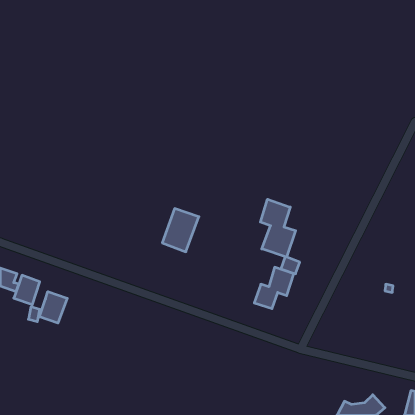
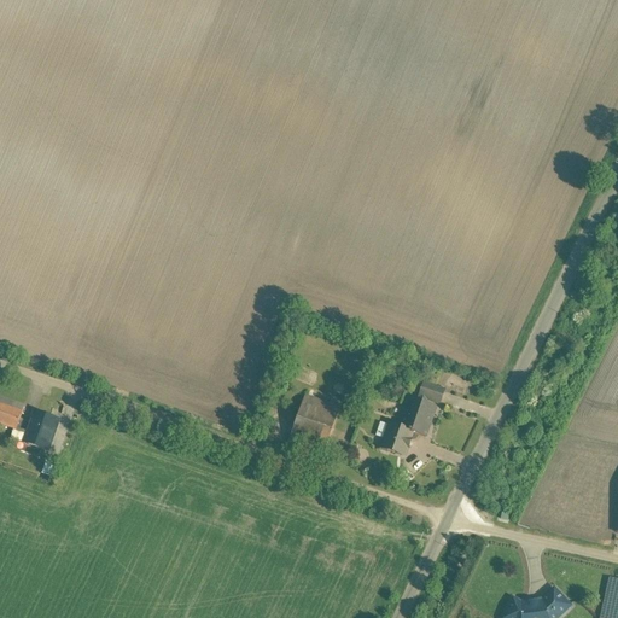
building: [260,199,296,257] -> none
building: [162,209,199,252] -> [286,395,340,459]
building: [39,292,67,323] -> none

